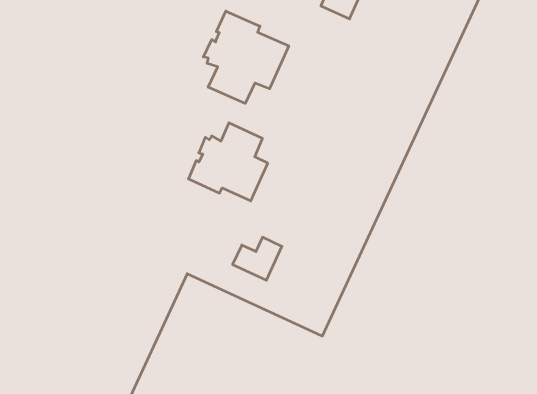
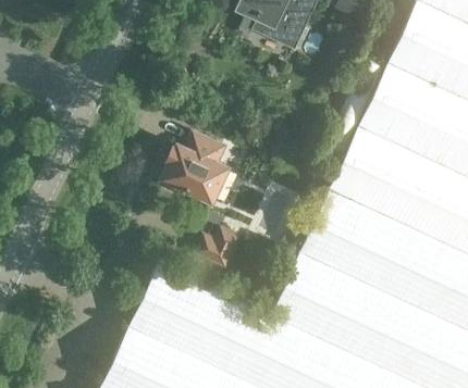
building: [203,11,289,103] -> none

